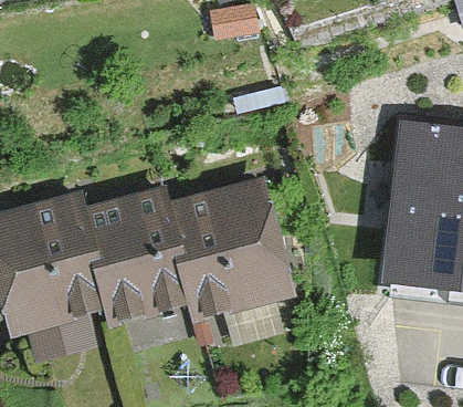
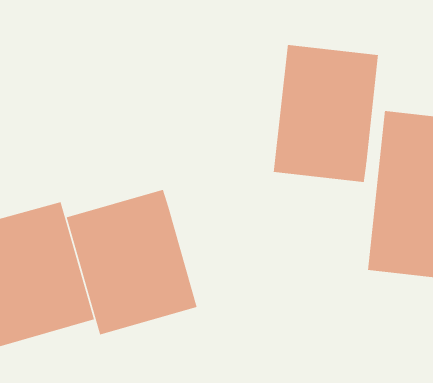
building: none -> [273,44,379,183]
building: [187,185,315,328] -> none

